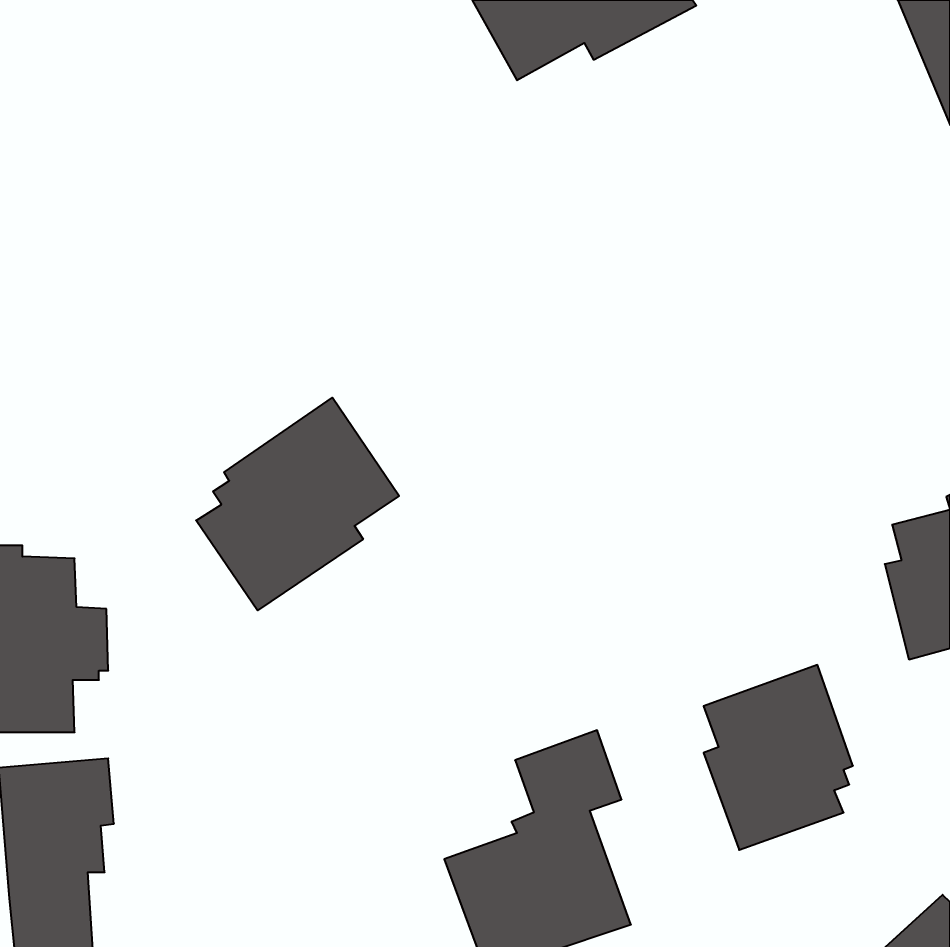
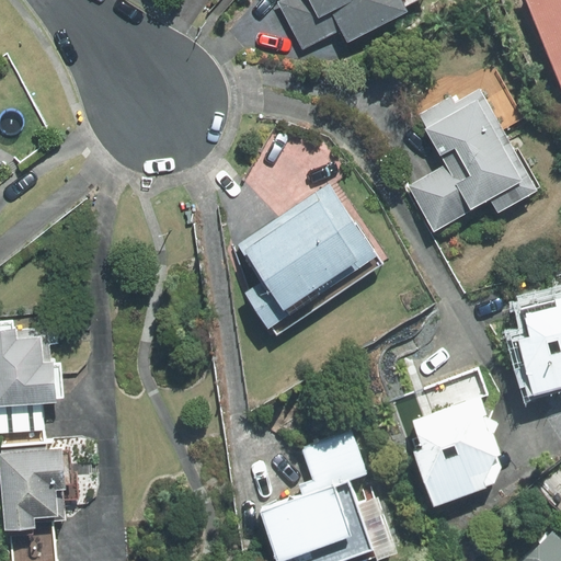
building: none -> [408,90,537,231]
building: none -> [237,185,375,328]
building: [196,398,399,610] -> none

